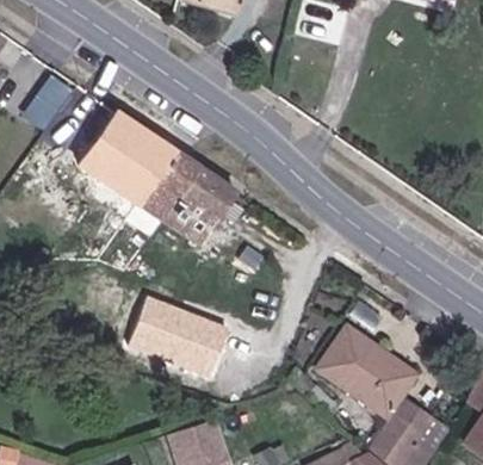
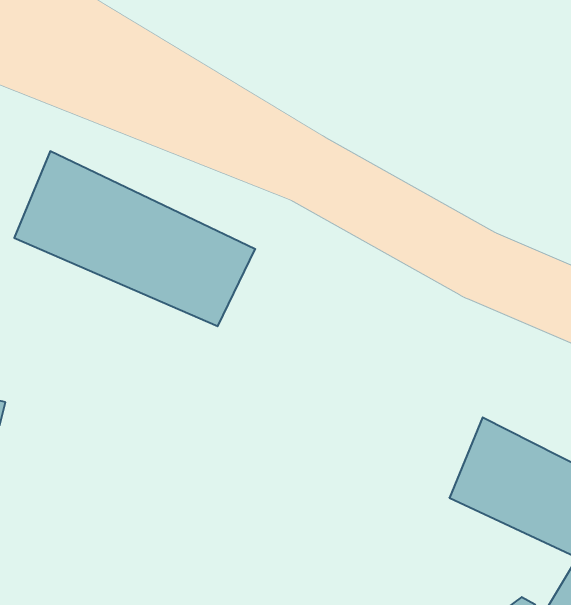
building: [129,302,229,383] -> none

